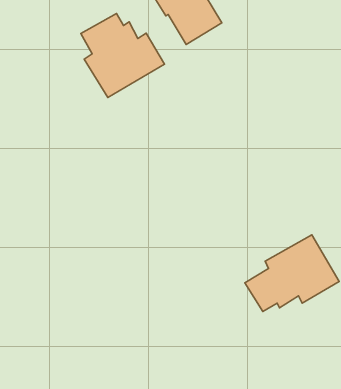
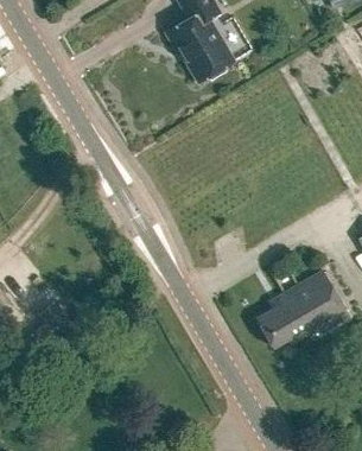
building: [81,13,164,97] -> none

